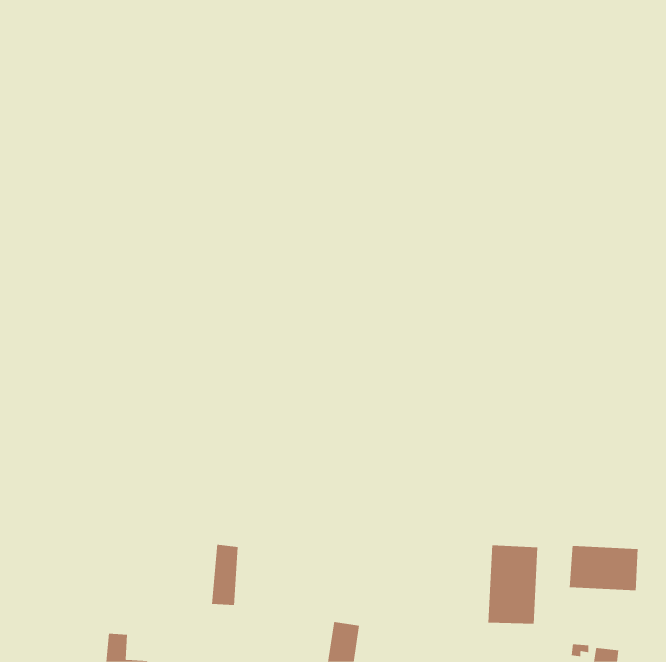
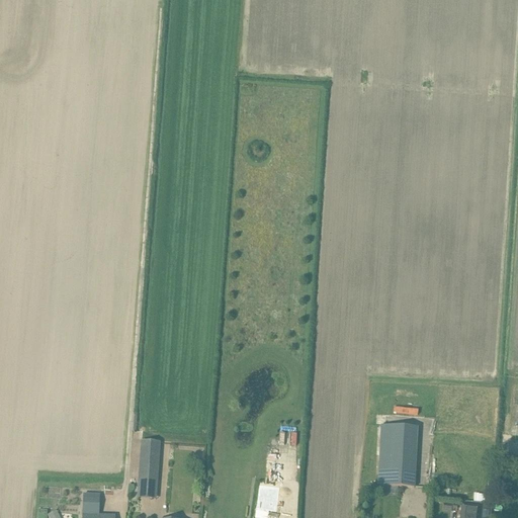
building: [211,544,239,606] -> [138,439,159,487]
building: [569,545,638,591] -> none

